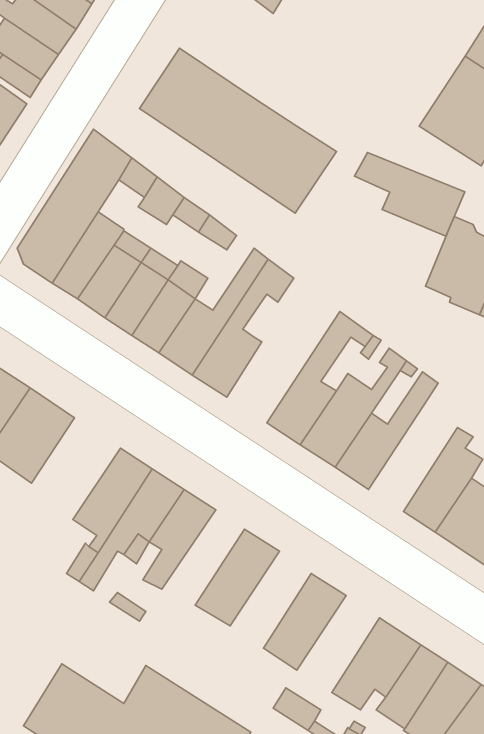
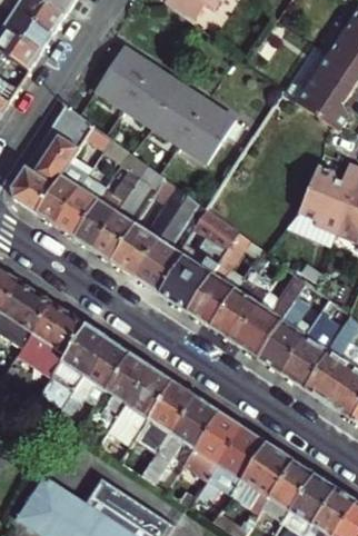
building: [354,153,465,236] -> none
building: none -> [160,208,239,309]
building: none -> [259,297,311,371]
building: none -> [20,306,86,377]
building: none -> [115,370,172,440]
building: none -> [145,399,219,486]
building: none -> [207,430,267,490]

